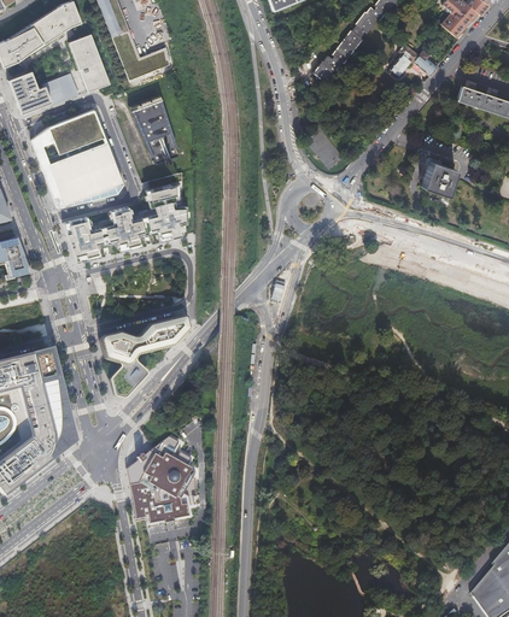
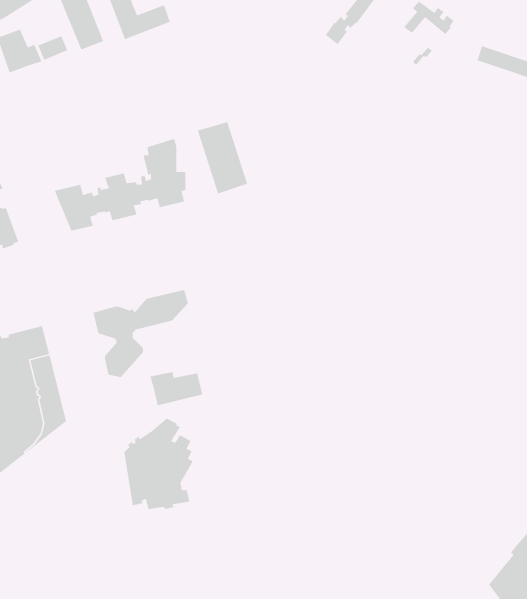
building: [131,95,180,164] -> [197,121,248,194]
building: [30,108,122,207] -> none
building: [420,159,454,193] -> none
building: none -> [149,371,203,406]

